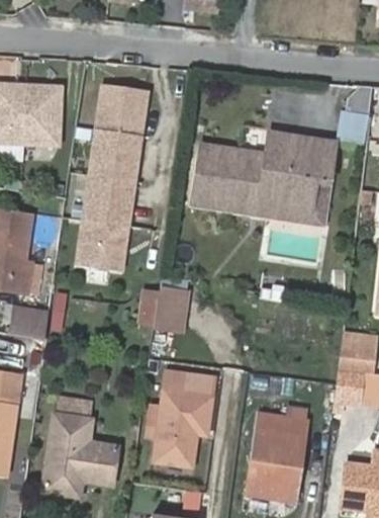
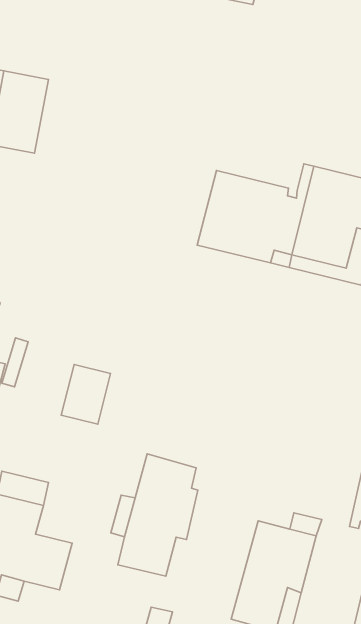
building: [76,84,151,272] -> none
building: [154,287,189,332] -> [61,365,111,424]

